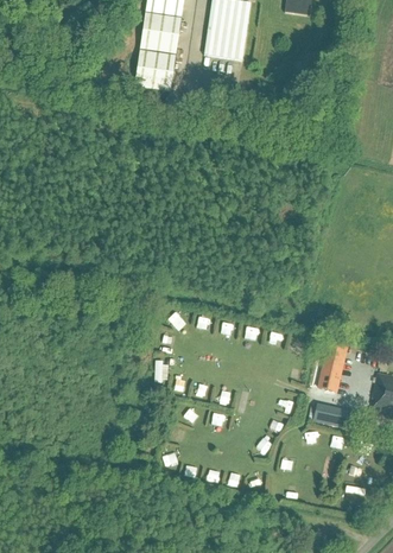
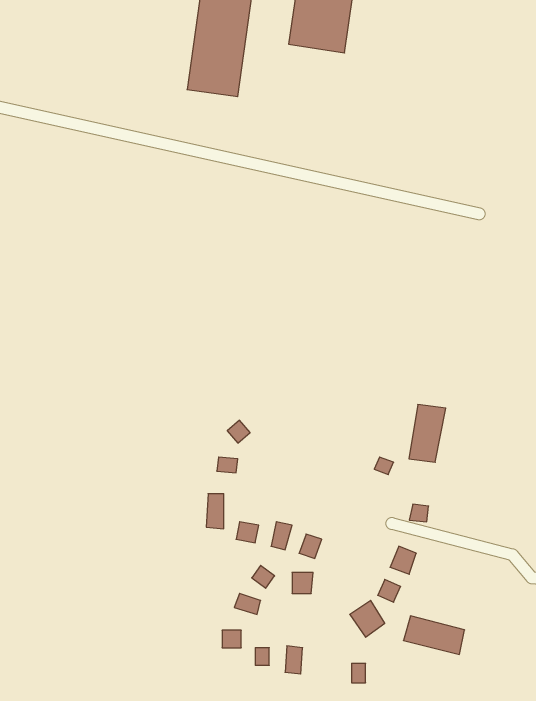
building: [322,351,347,390] -> [409,405,446,462]
building: [312,401,354,427] -> [403,616,465,654]

